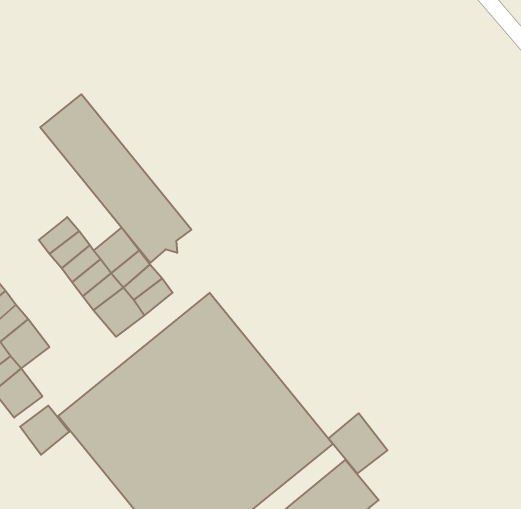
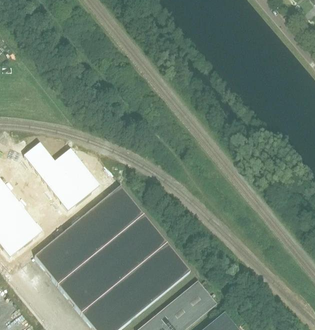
building: [40,94,191,263] -> none
building: [20,406,69,455] -> [13,216,41,244]
building: [328,413,387,473] -> none

